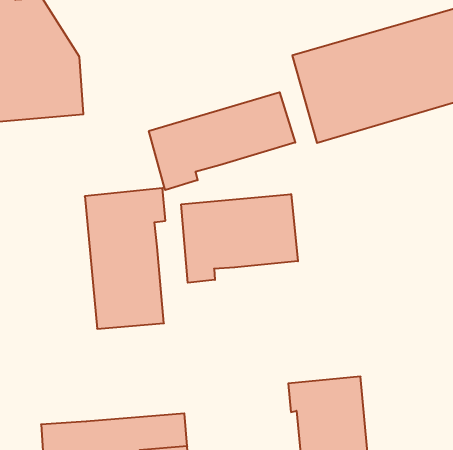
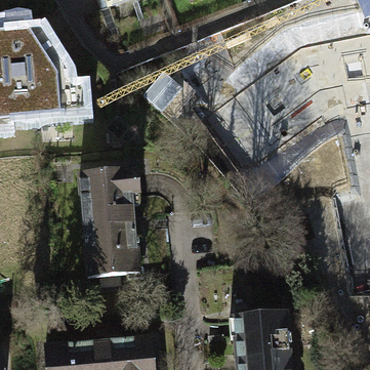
building: [149,92,295,190] -> none
building: [181,194,298,283] -> none

